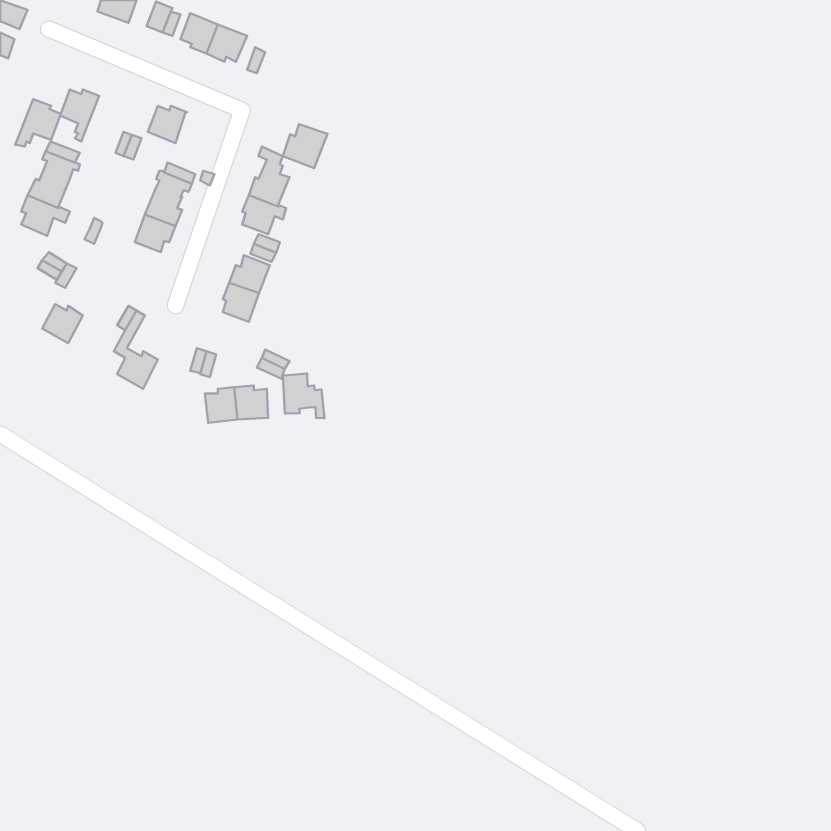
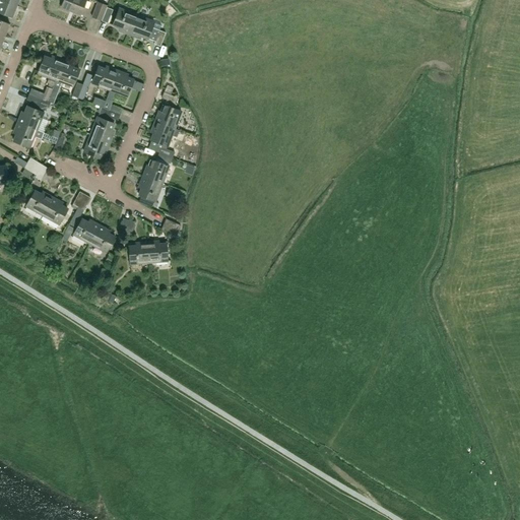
building: [15,99,61,146] -> [51,60,79,89]
building: none -> [110,70,133,96]
building: [283,124,327,168] -> none
building: none -> [43,197,68,224]
building: none -> [89,224,115,252]
building: [283,373,324,418] -> none

